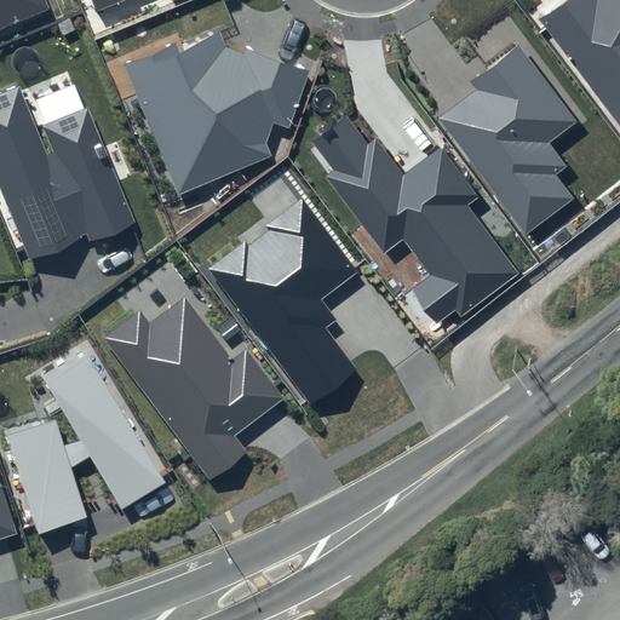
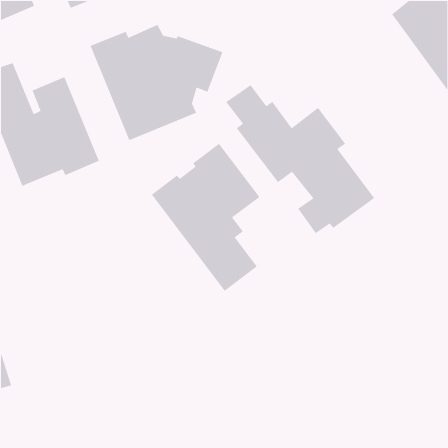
building: [440,45,578,234] -> none
building: [103,298,283,480] -> none
building: [6,351,166,534] -> none

